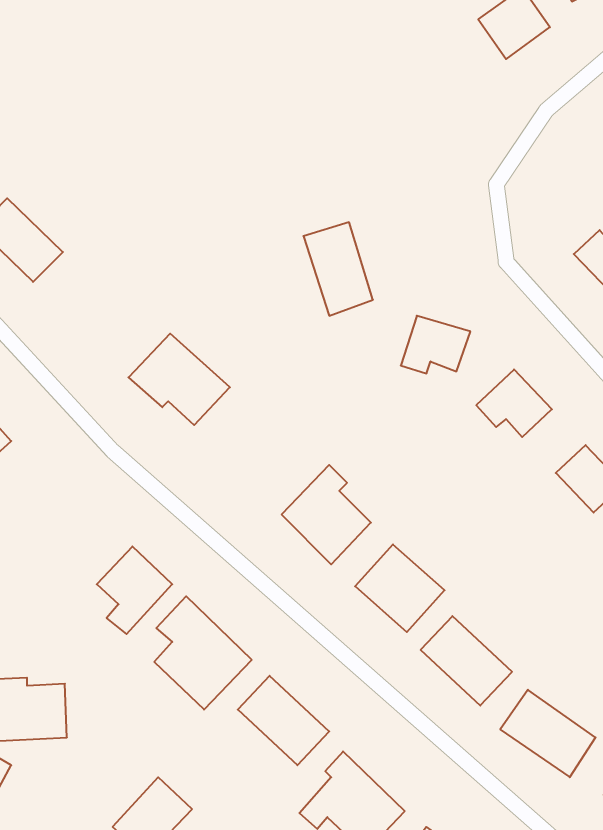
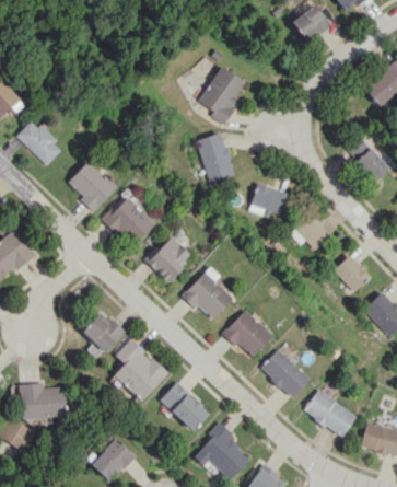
building: none -> [199,66,245,125]
building: none -> [69,161,116,211]
building: none -> [145,234,192,281]

